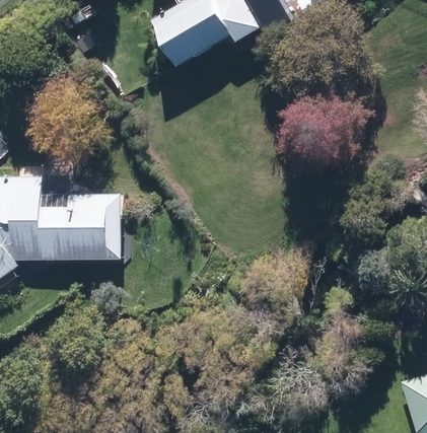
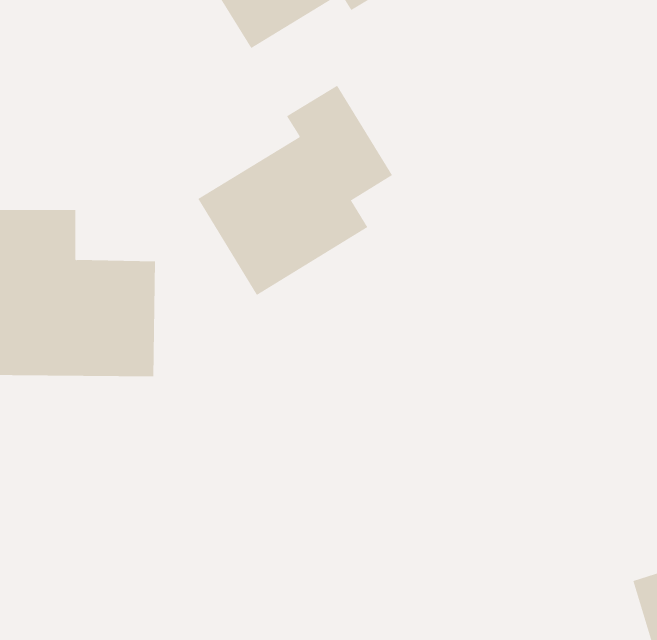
building: none -> [197,85,393,296]

